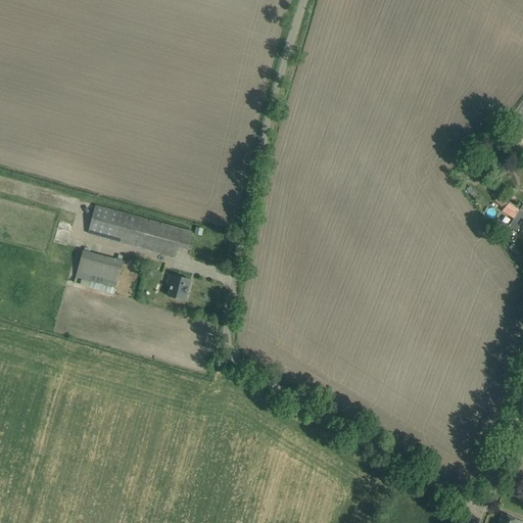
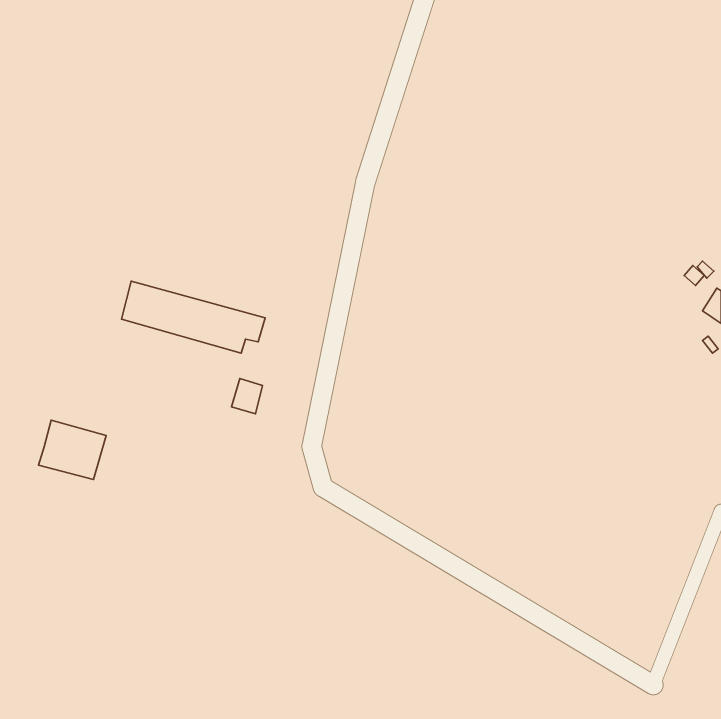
building: [74,249,123,292] -> [39,420,106,479]

